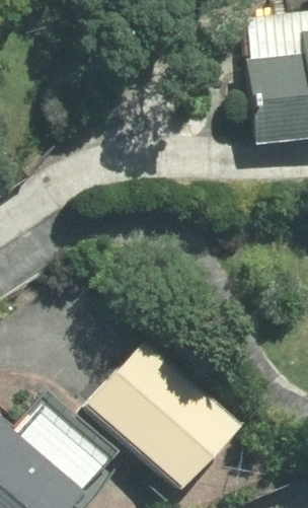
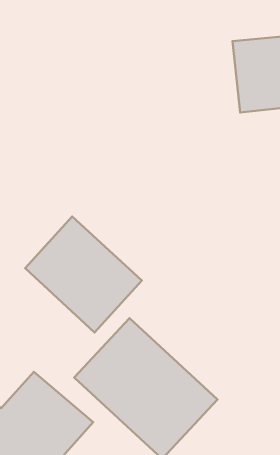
building: none -> [25,216,142,332]

